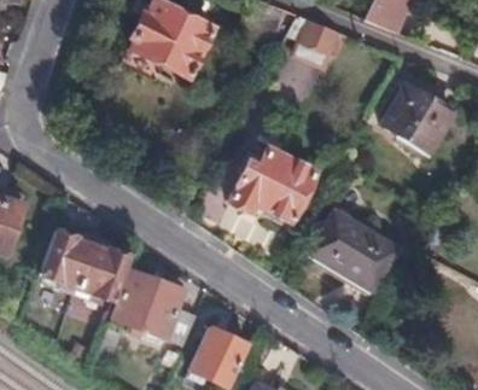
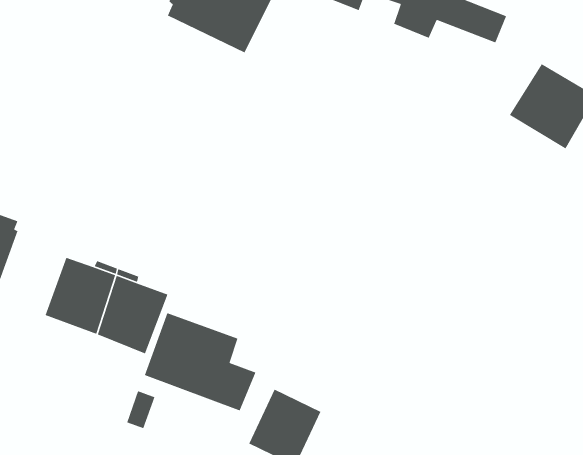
building: [229,149,313,222] -> none
building: [311,213,396,290] -> none

